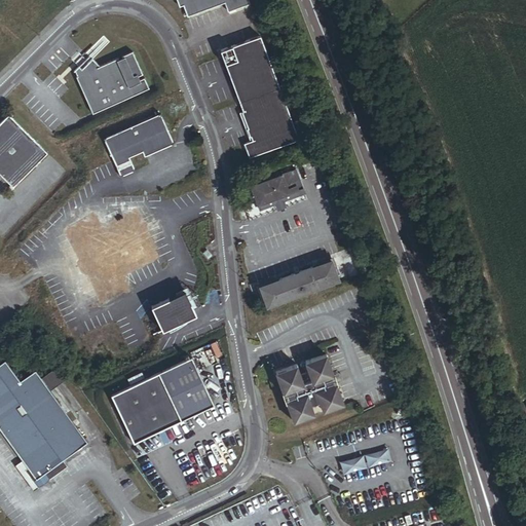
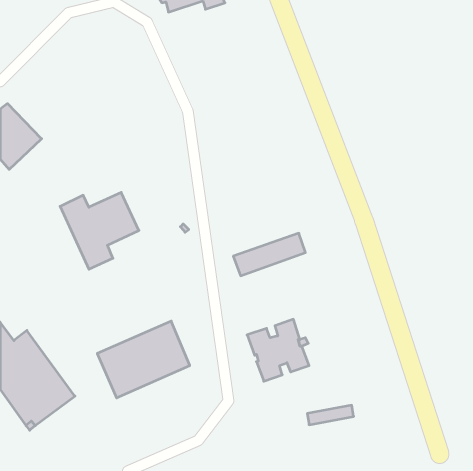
building: [220,36,299,159] -> none
building: [74,52,149,115] -> none
building: [103,114,174,178] -> none
building: [251,171,297,209] -> none
building: [149,292,194,332] -> none

